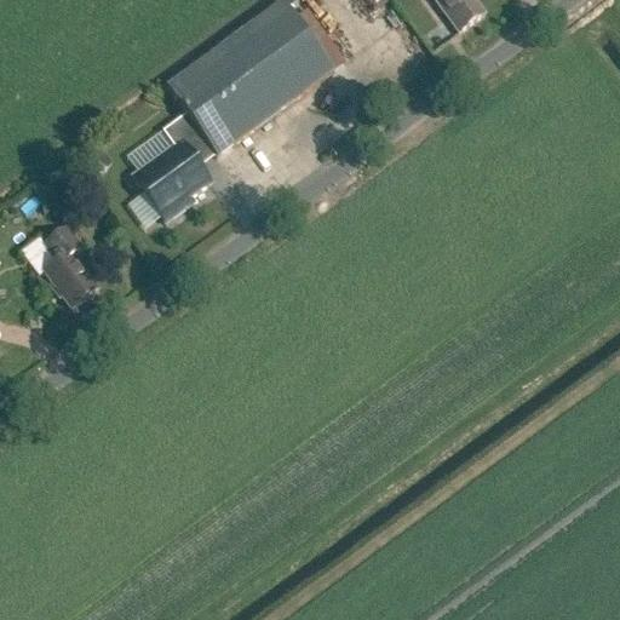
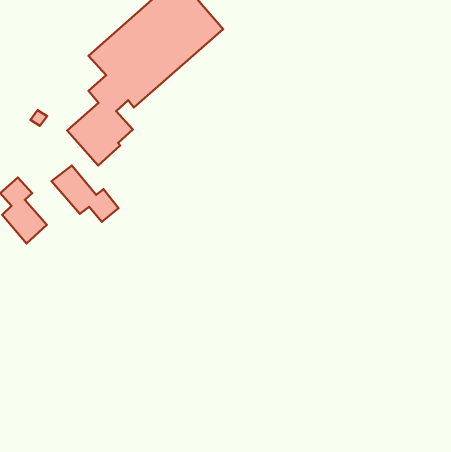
building: none -> [52,165,119,222]

